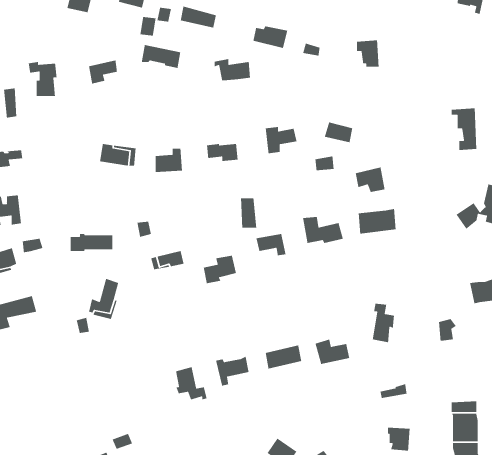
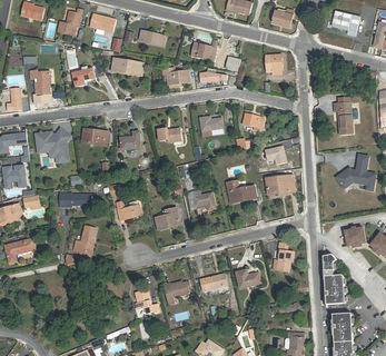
building: none -> [34,129,67,161]
building: none -> [325,274,346,304]

